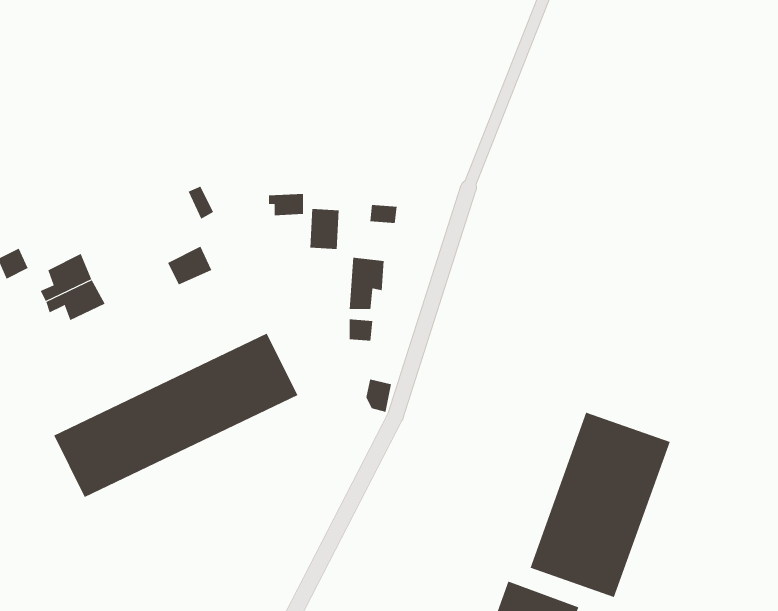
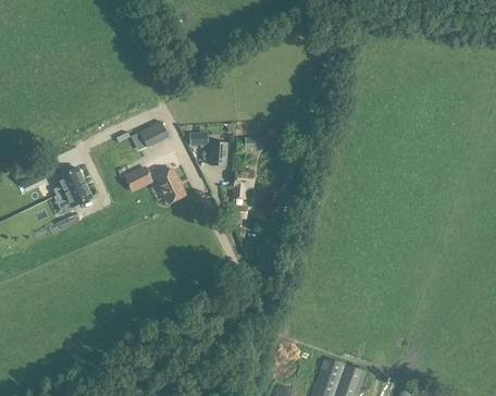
building: none -> [154,168,183,201]
building: [54,333,298,498] -> none
building: [530,412,670,598] -> none

